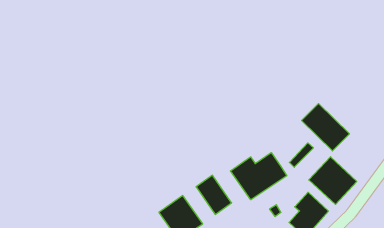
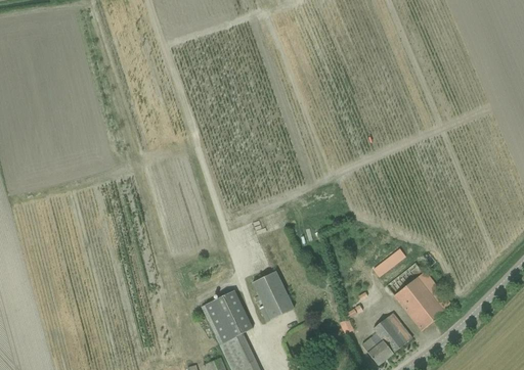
building: [302,104,349,151] -> none
building: [230,153,287,200] -> none

